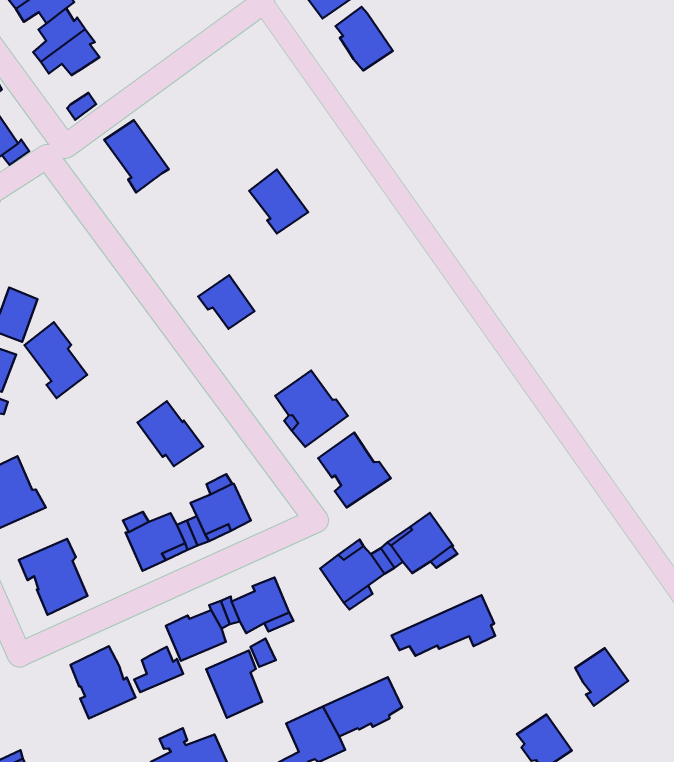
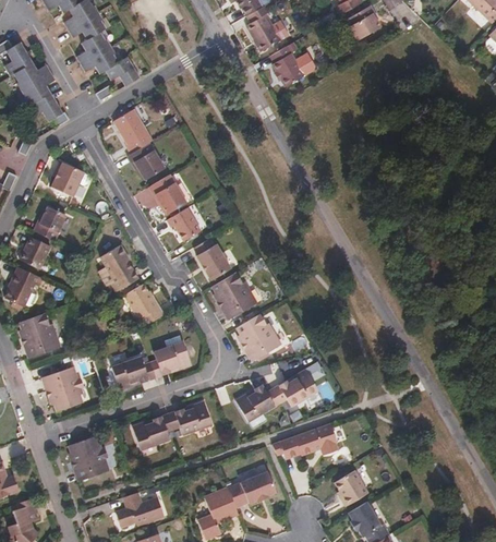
building: none -> [106,58,140,87]
building: [249,170,308,234] -> [150,174,186,215]
building: none -> [130,141,168,178]
building: none -> [52,160,86,197]
building: none -> [196,239,230,280]
building: [24,322,87,398] -> [99,243,137,291]
building: [134,647,183,692] -> none
building: [575,648,628,706] -> [335,469,367,505]
building: [206,651,262,718] -> none

